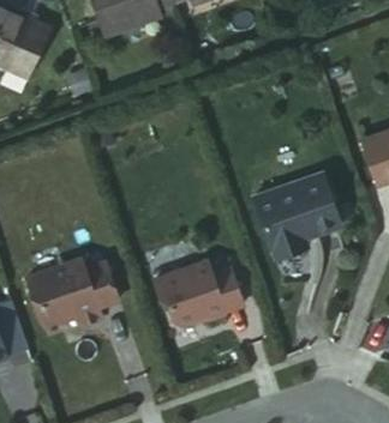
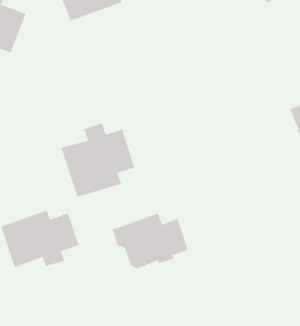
building: none -> [61,123,135,197]
building: [255,174,340,258] -> none

